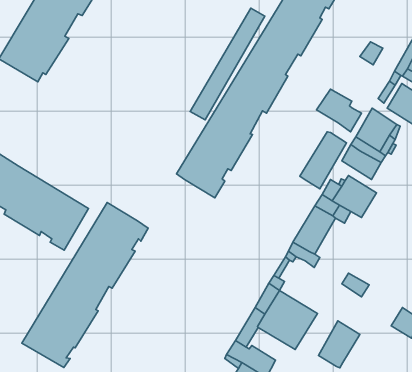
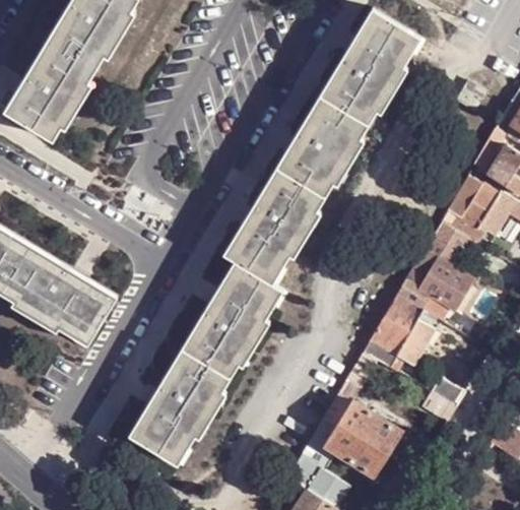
building: [316,89,361,132] -> none
building: [300,132,347,189] -> none
building: [22,203,148,368] -> [130,263,286,467]
building: none -> [397,318,436,366]
building: [318,321,360,368] -> none

